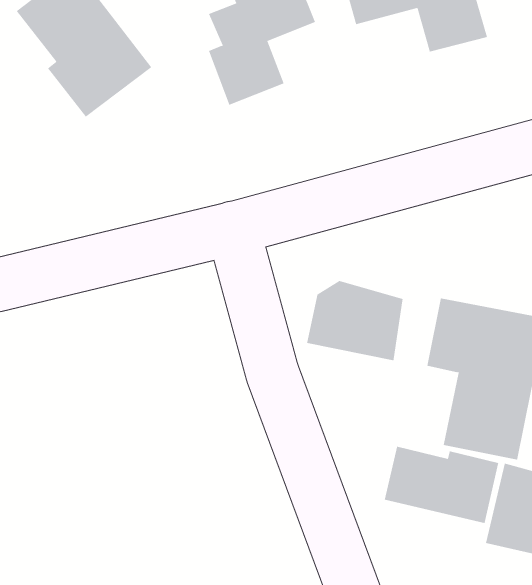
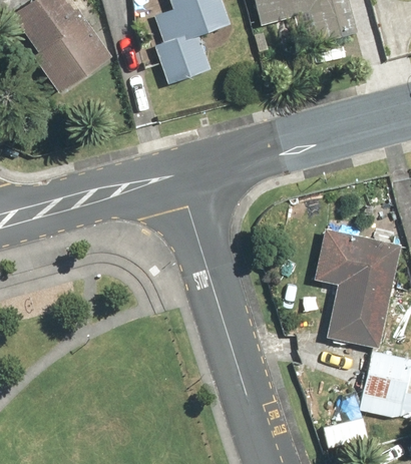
building: [306,280,403,361] -> none
building: [384,446,499,524] -> none

